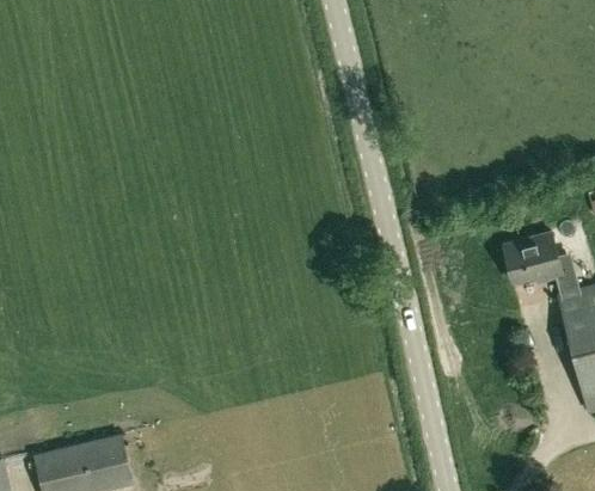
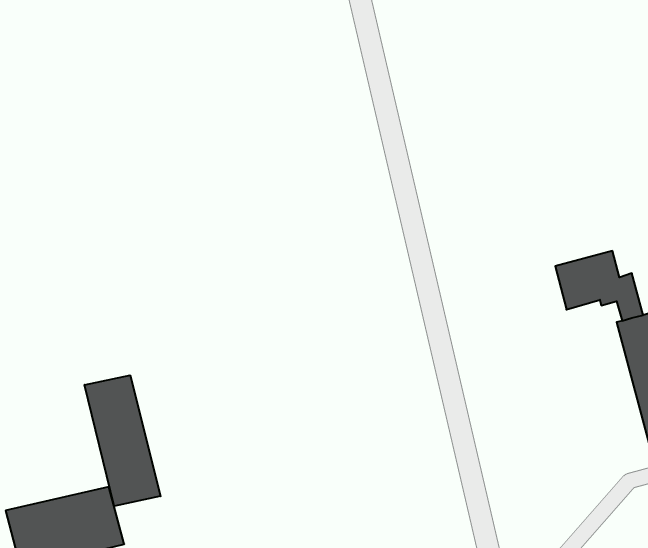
building: none -> [85,375,161,506]

